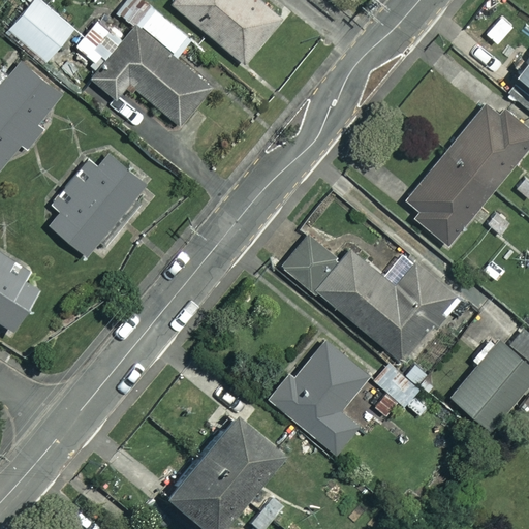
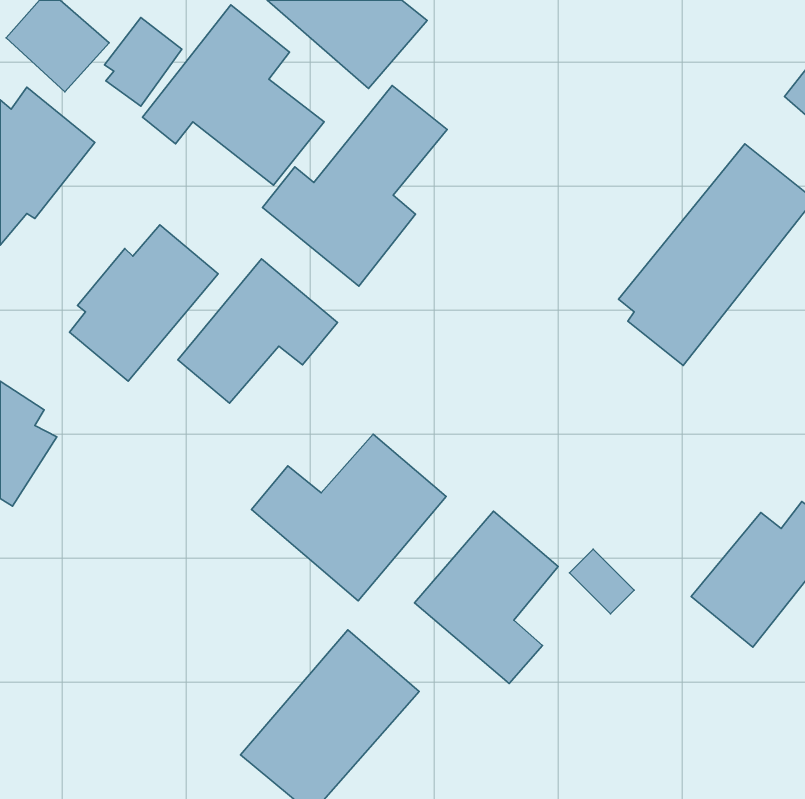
building: none -> [262,85,447,286]
building: none -> [178,259,337,403]
building: [284,235,458,361] -> none
building: none -> [251,434,446,601]

